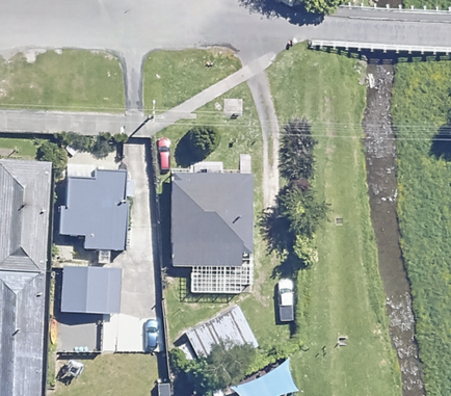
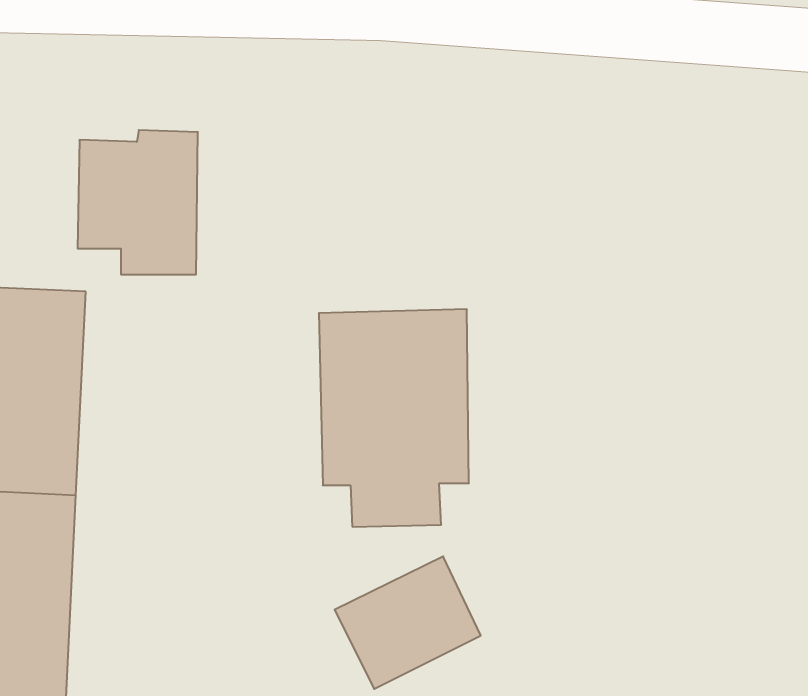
building: [63,174,127,249] -> [78,130,198,274]
building: [61,269,122,313] -> none

